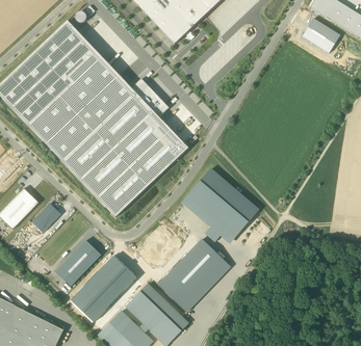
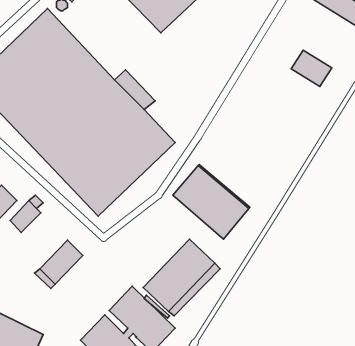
building: [302,18,340,52] -> [291,50,332,87]
building: [182,196,234,242] -> none
building: [70,254,135,320] -> none

